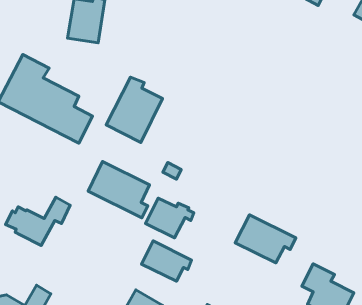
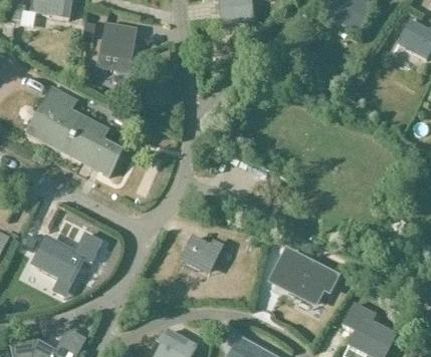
building: [106,77,162,143] -> none
building: [88,161,149,218] -> none
building: [142,241,191,281] -> none

